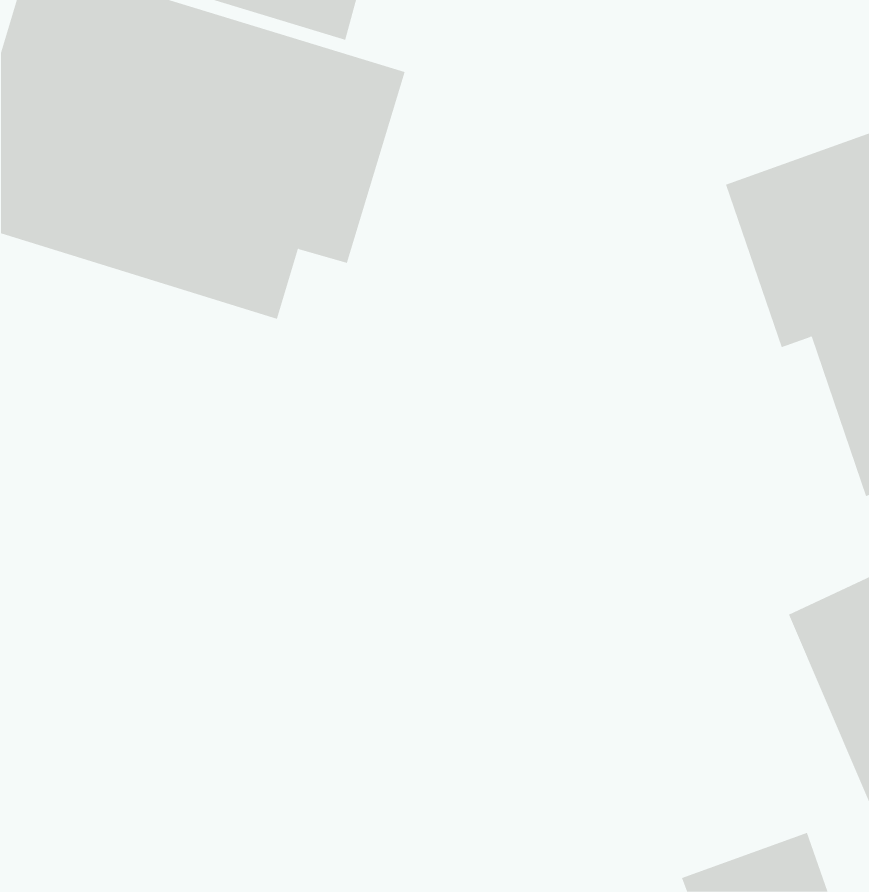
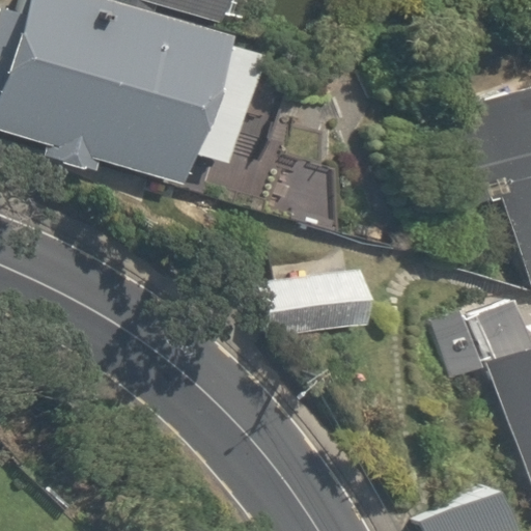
building: none -> [263,264,370,337]

